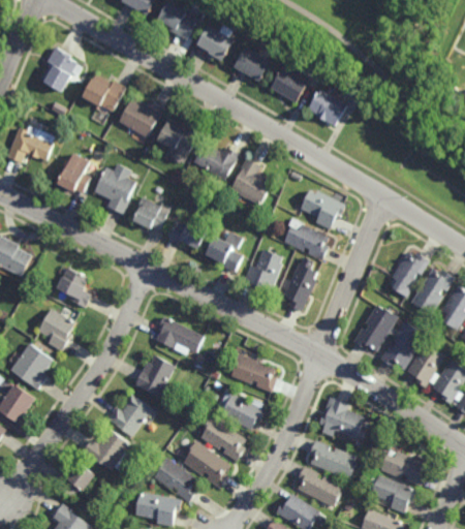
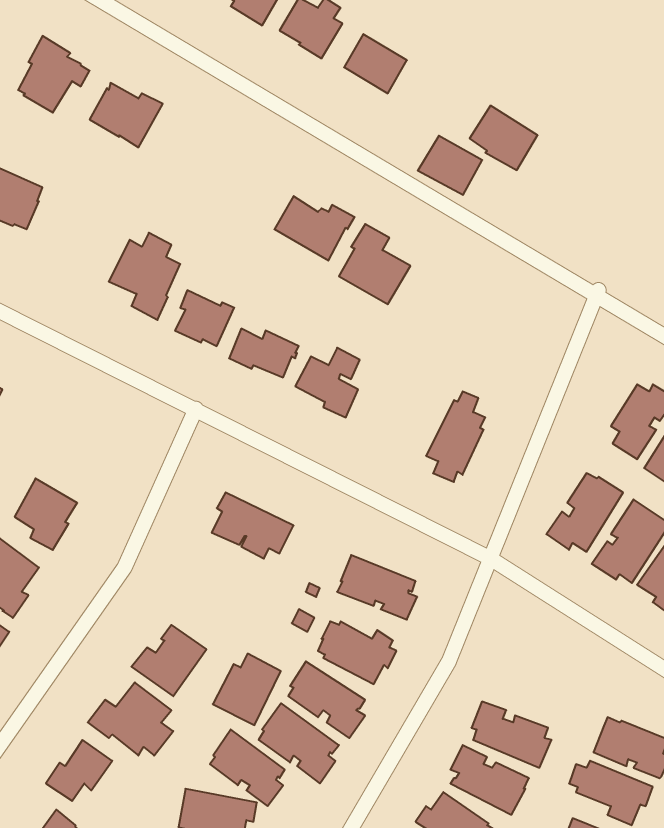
building: [269,66,307,101] -> [418,136,482,195]
building: [117,95,162,136] -> none
building: [155,117,198,162] -> none
building: [57,152,90,192] -> none
building: [299,189,345,229] -> none
building: [282,217,329,260] -> none
building: [243,249,281,294] -> none
building: [56,267,91,308] -> none
building: [133,355,174,398] -> [213,654,281,725]
building: [317,398,364,438] -> none

